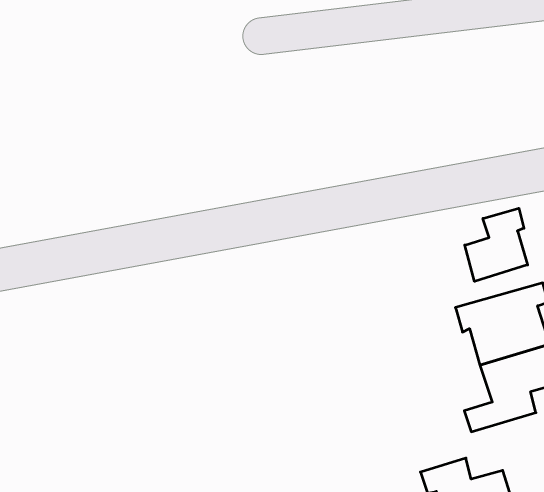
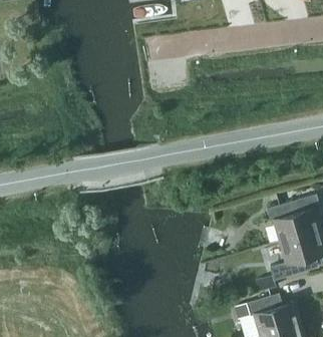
building: [465,208,528,281] -> none

